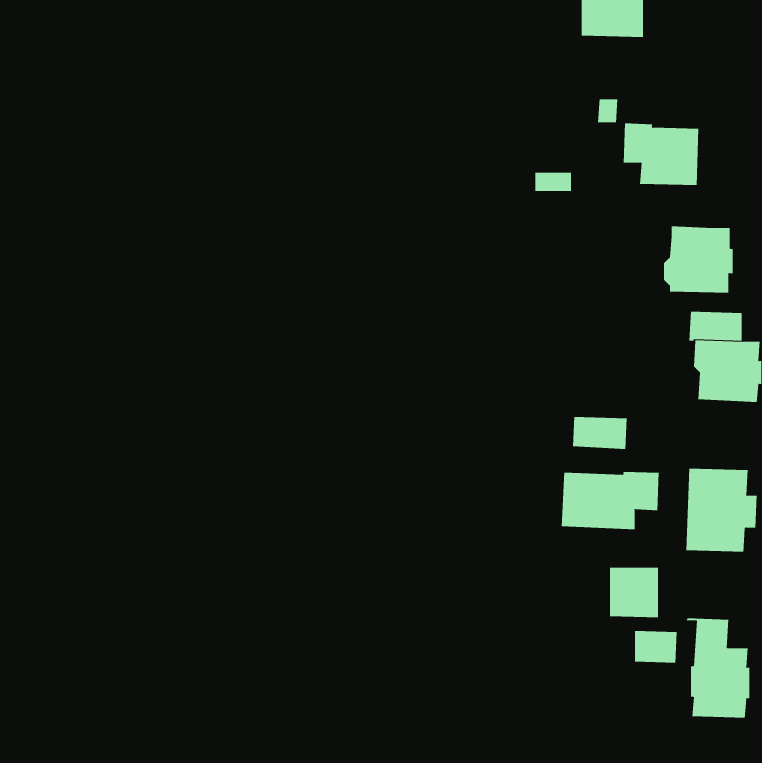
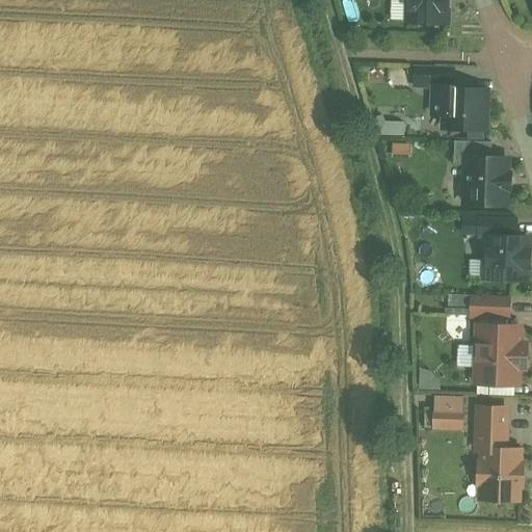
building: none -> [453,140,491,164]
building: [572,417,628,449] -> [471,295,509,318]
building: [561,471,659,530] -> none
building: [634,630,678,663] -> [477,407,507,430]

